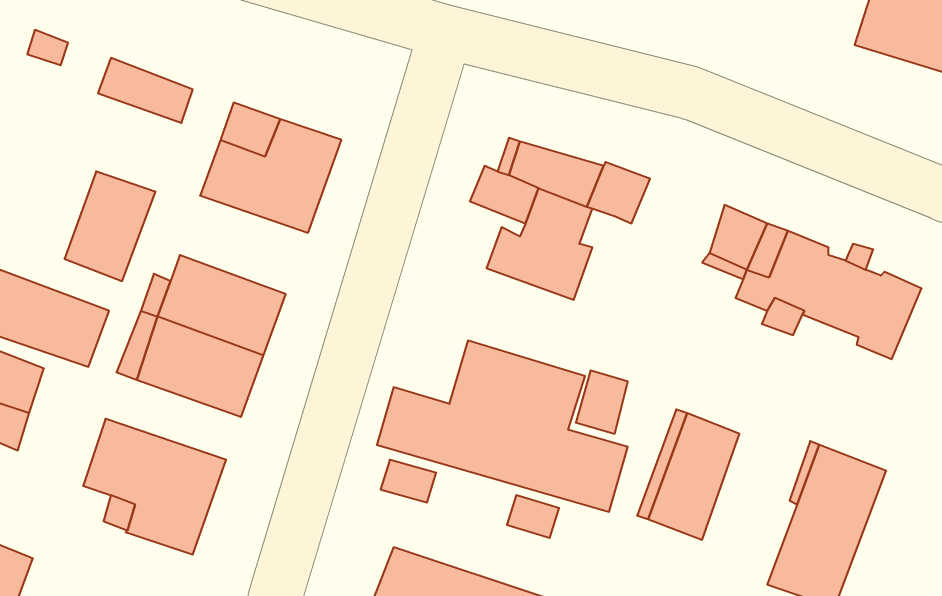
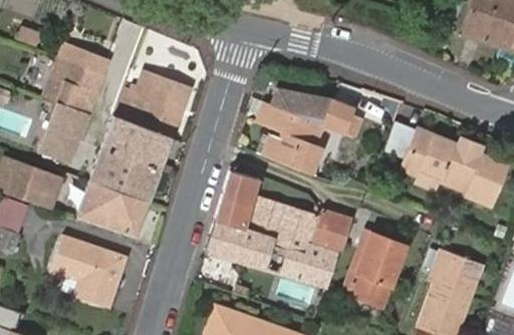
building: none -> [41,59,102,114]
building: none -> [101,116,171,170]
building: none -> [217,171,261,229]

